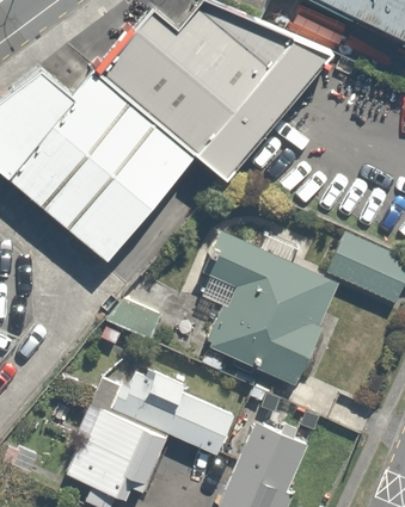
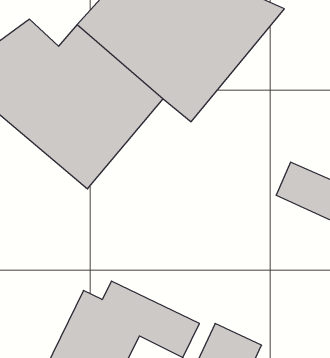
building: [189,234,331,384] -> none

